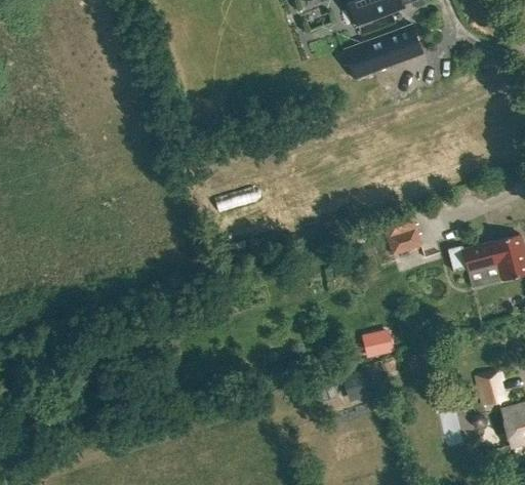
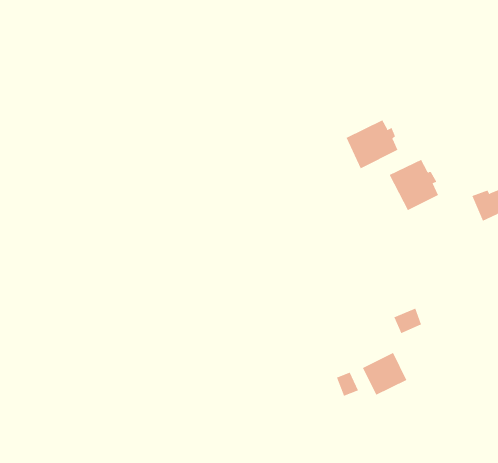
building: none -> [346,119,398,169]

